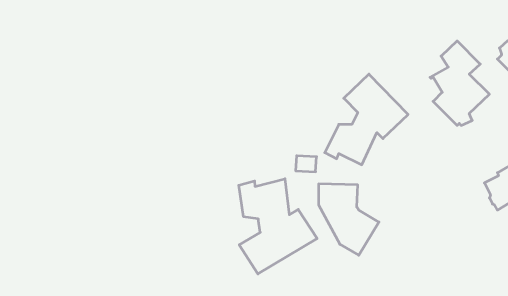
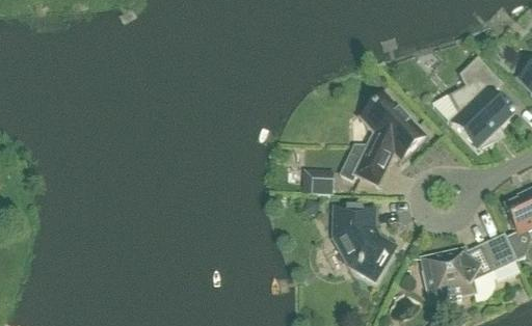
building: [239,179,317,274] -> none
building: none -> [423,233,516,301]

